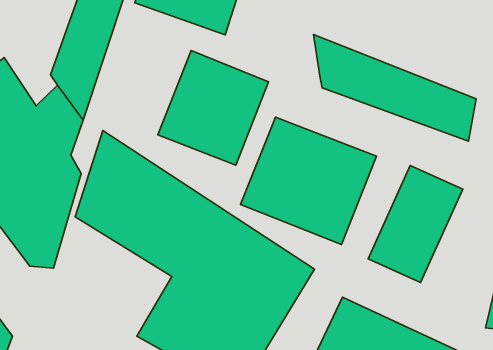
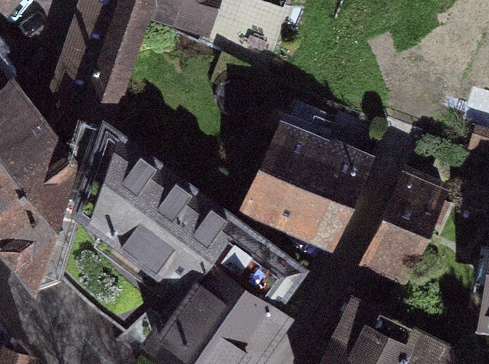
building: [314,35,476,141] -> none
building: [158,50,269,165] -> none

